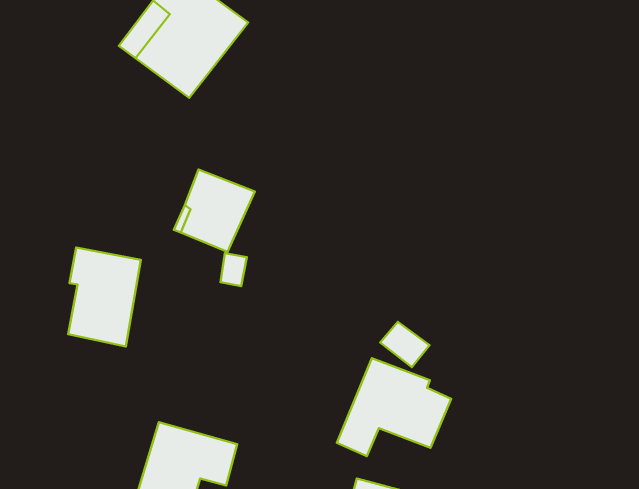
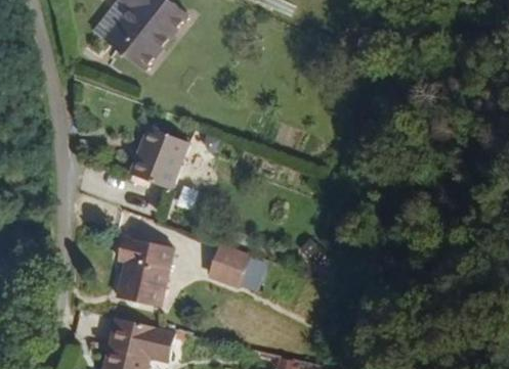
building: [68,247,141,346] -> [112,233,166,307]
building: none -> [209,244,250,285]
building: [337,358,451,456] -> none

